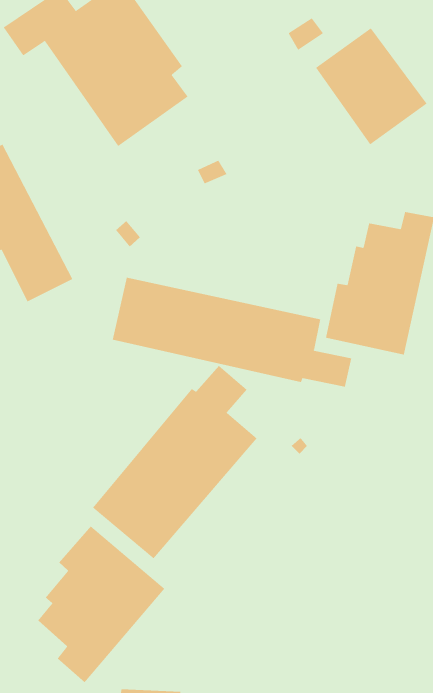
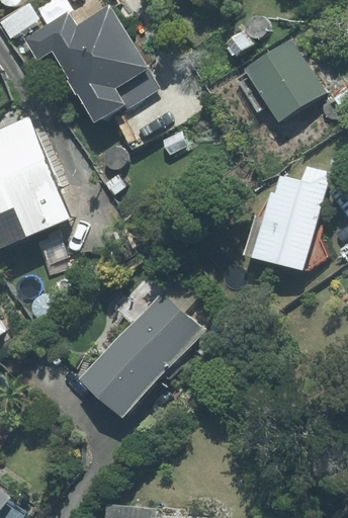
building: [112,277,352,388] -> none
building: [38,526,165,683] -> none

